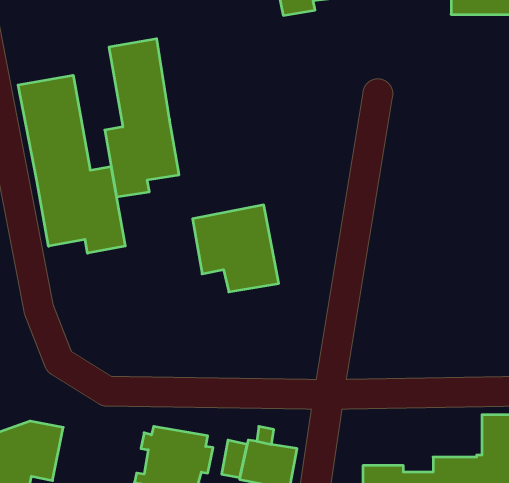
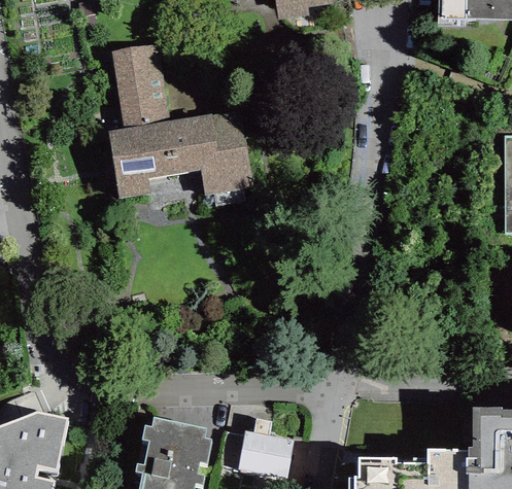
building: [18,75,125,253] -> none
building: [193,205,279,292] -> [170,108,253,193]

